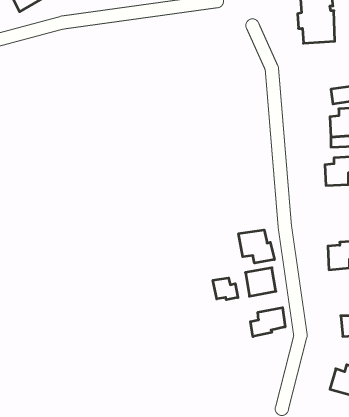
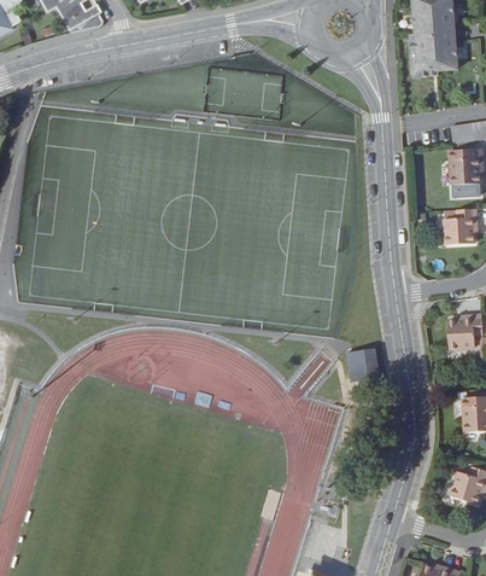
building: [239,230,274,263] -> none
building: [213,278,238,300] -> none
building: [250,308,285,337] -> none

